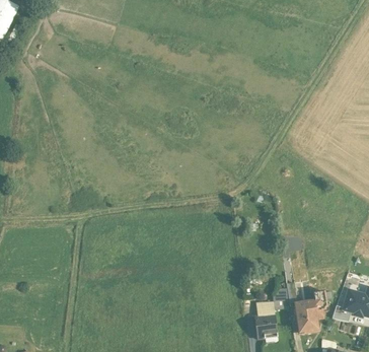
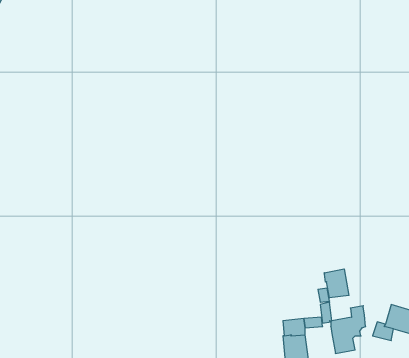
building: none -> [324,269,349,298]

